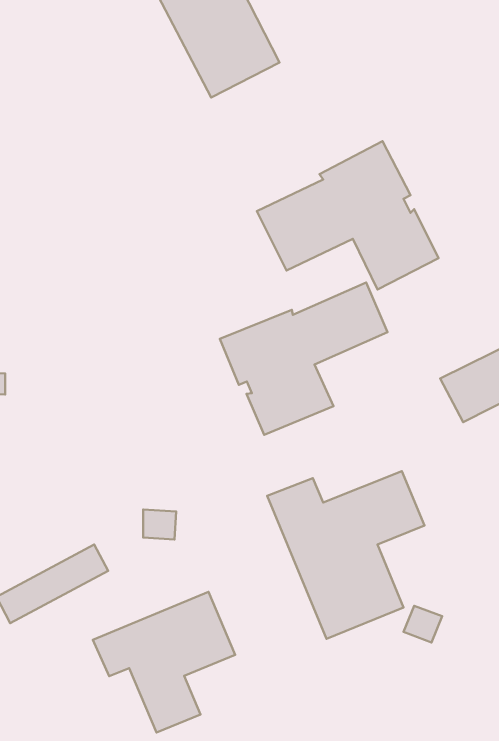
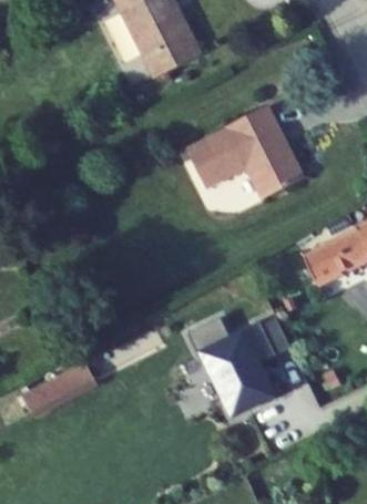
building: [220,283,387,435] -> none
building: [93,592,235,732] -> none

